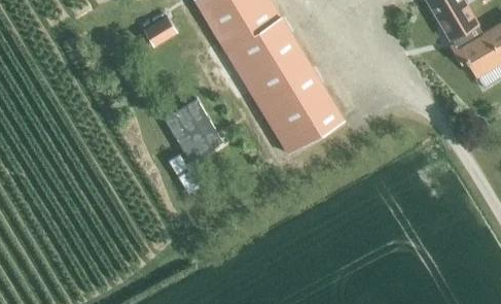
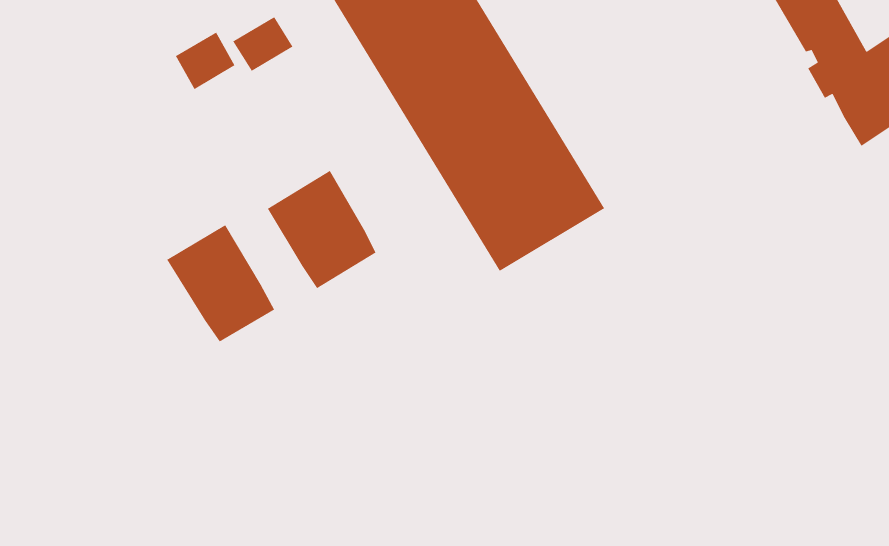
building: none -> [175,31,236,90]
building: none -> [166,224,275,343]

